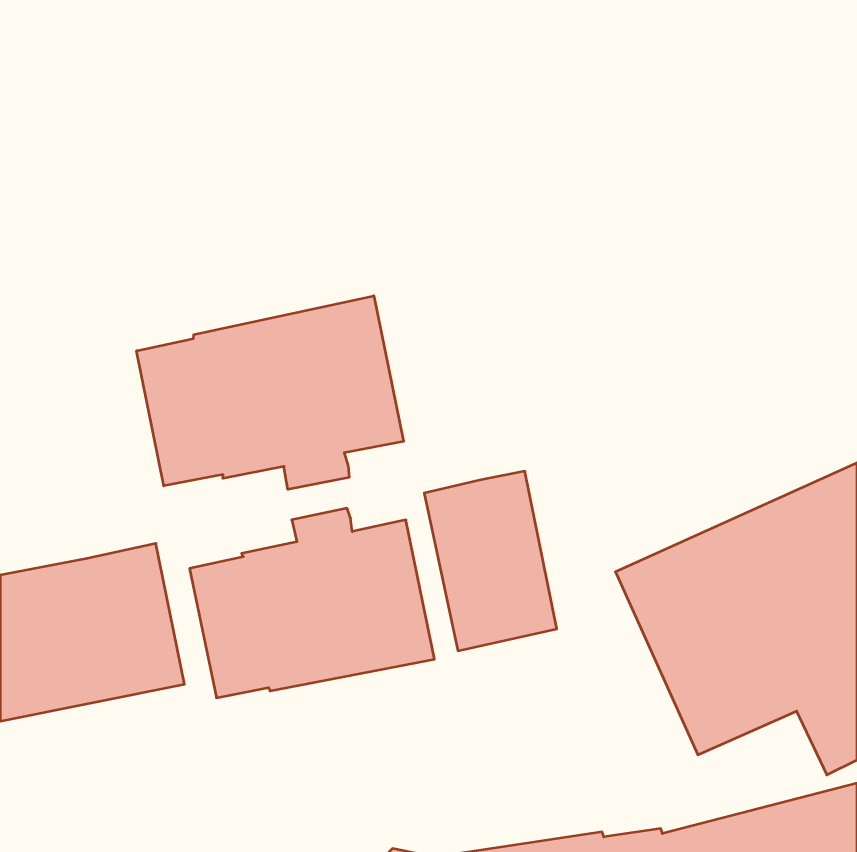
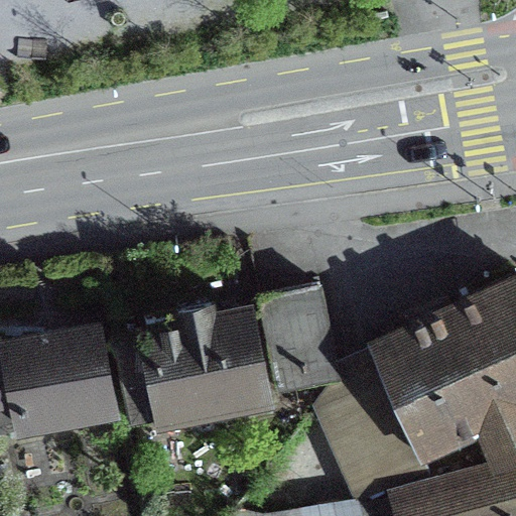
building: [137,296,404,489] -> none

